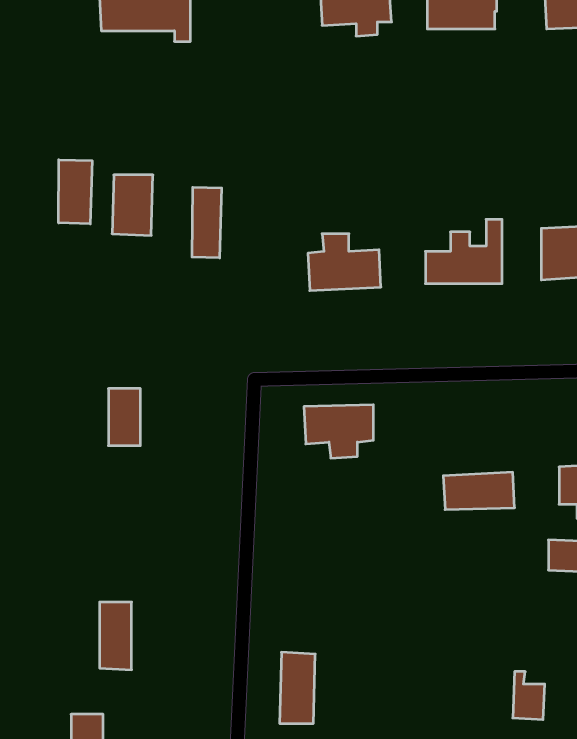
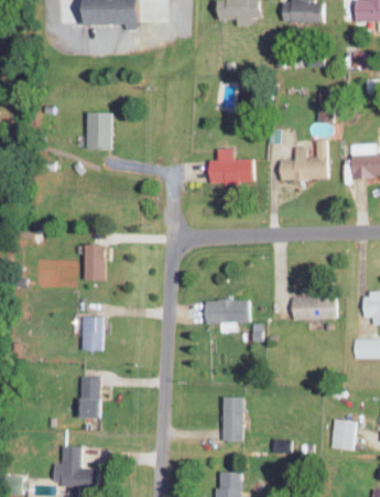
building: [59,160,92,224] -> none
building: [192,187,222,258] -> none
building: [304,405,373,458] -> [206,300,249,333]
building: none -> [84,316,104,350]
building: [280,652,315,723] -> [222,397,245,441]

